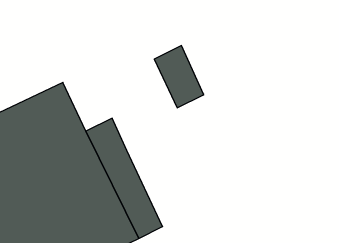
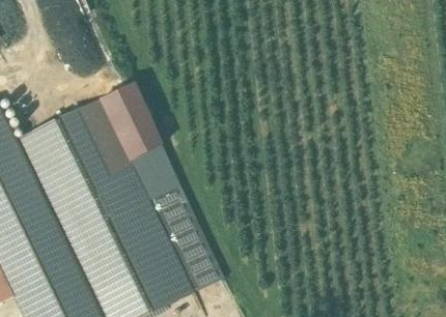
building: [154,46,204,108] -> [101,85,161,161]

